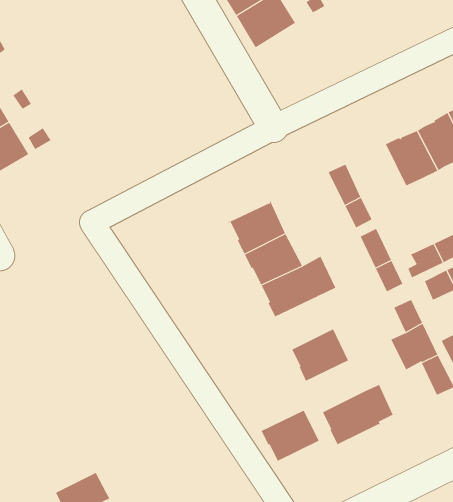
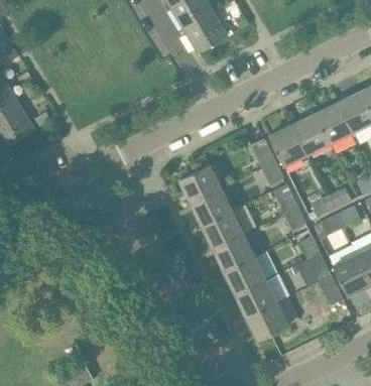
building: none -> [269,124,307,166]
building: none -> [213,234,255,272]
building: [261,410,319,462] -> [235,280,277,317]

